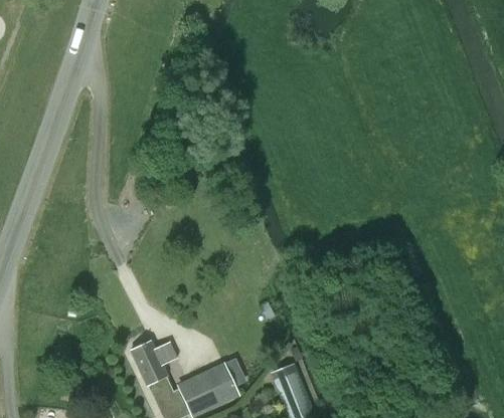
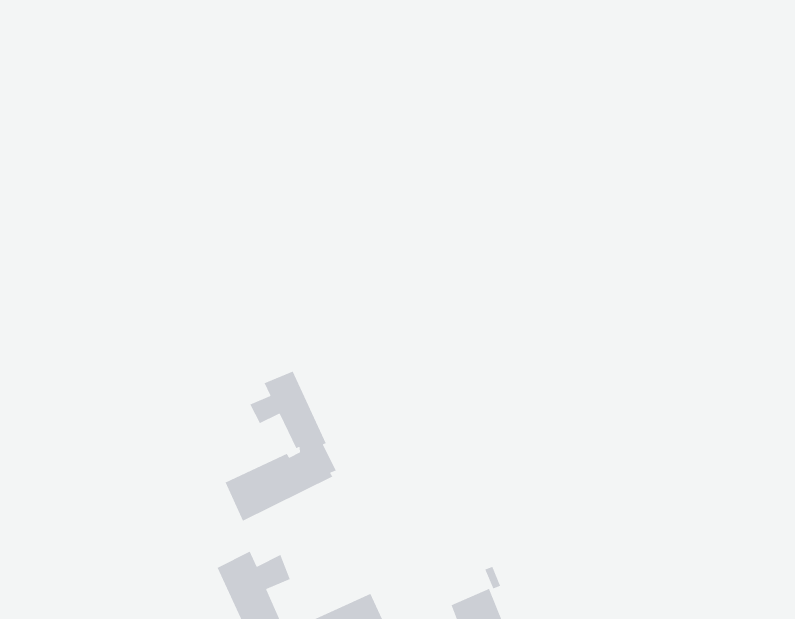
building: none -> [224,370,337,522]

